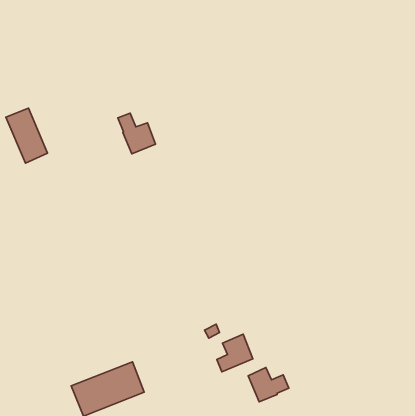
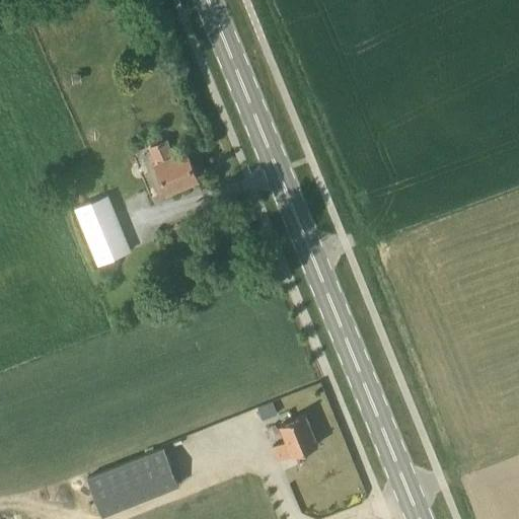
building: [6,108,47,163] -> [79,196,131,264]
building: [248,368,289,402] -> none

